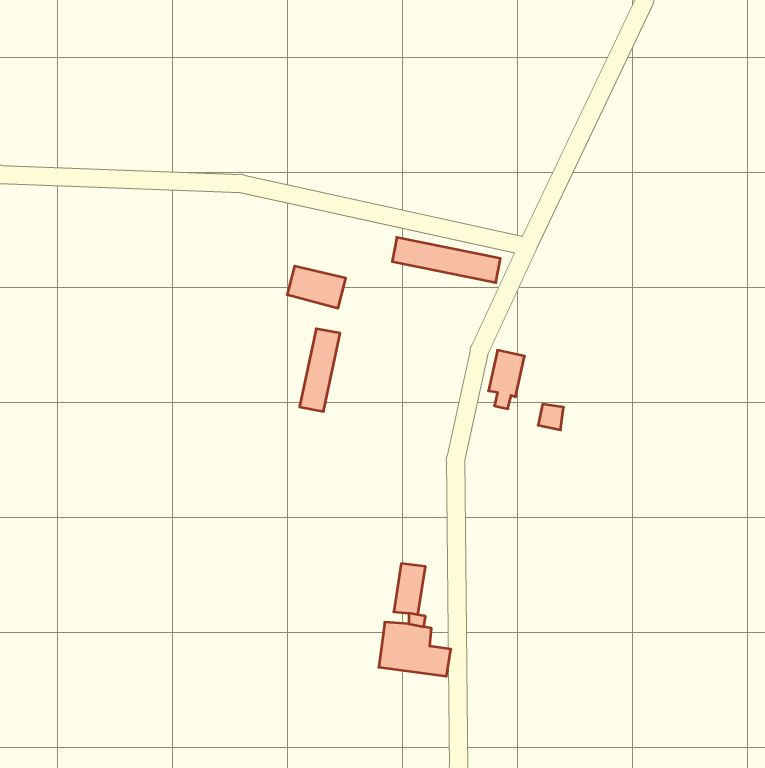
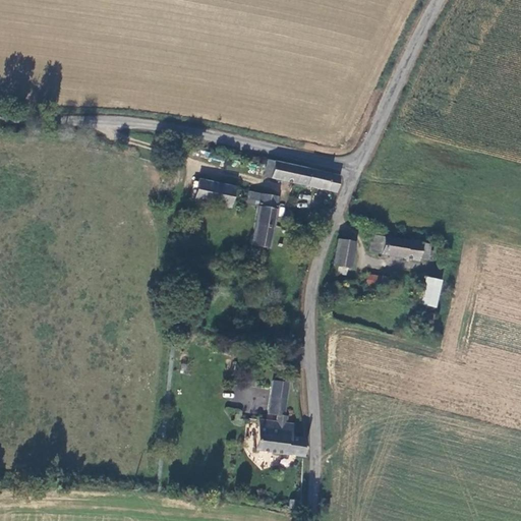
building: [300,329,340,411] -> [250,191,278,247]
building: none -> [371,234,436,260]
building: none -> [418,275,444,306]

